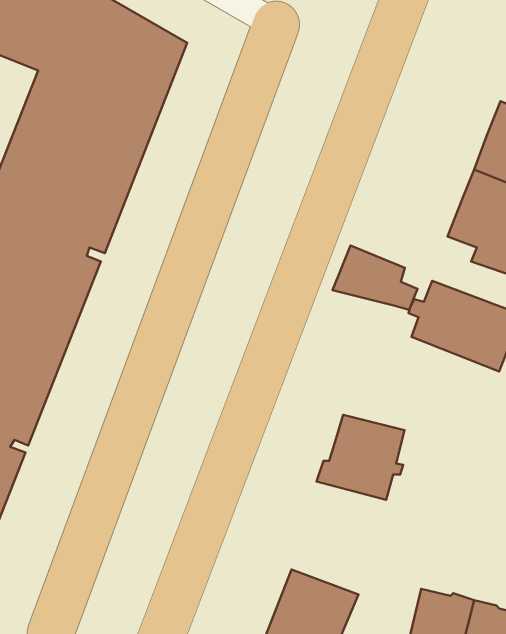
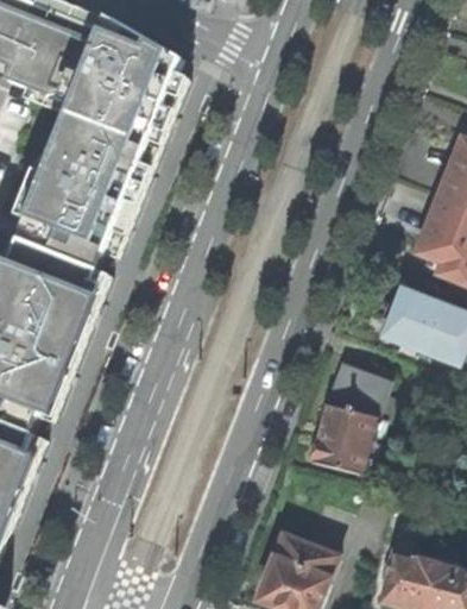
building: [332,246,417,310] -> [321,362,393,416]

